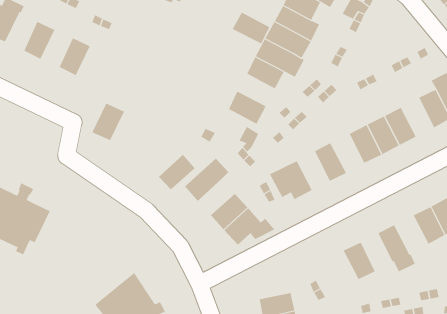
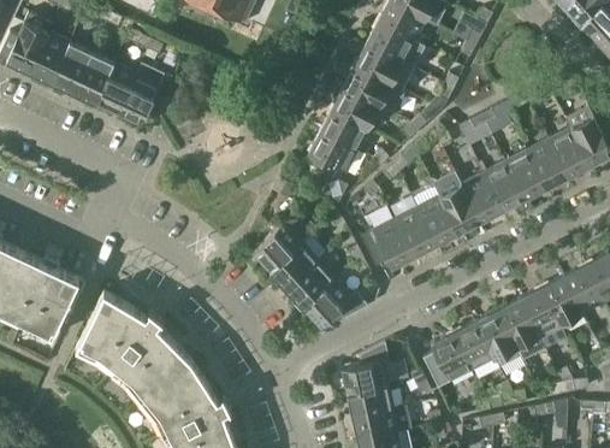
building: [232,12,270,44] -> [319,111,367,152]
building: none -> [28,34,67,82]
building: none -> [72,55,112,102]
building: none -> [526,141,567,190]
building: [91,103,125,141] -> [117,76,159,124]
building: none -> [431,173,479,236]
building: none -> [395,208,436,258]
building: [158,154,196,190] -> [270,243,316,289]
building: none -> [517,289,565,350]
building: none -> [75,293,190,402]
building: none -> [475,312,520,369]
building: none -> [422,334,472,388]
building: none -> [342,344,387,395]

